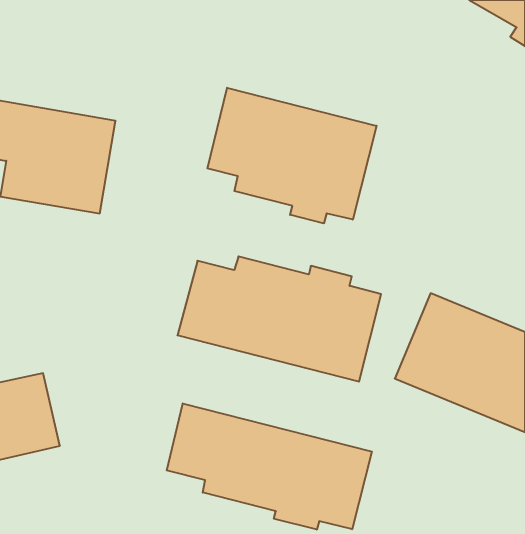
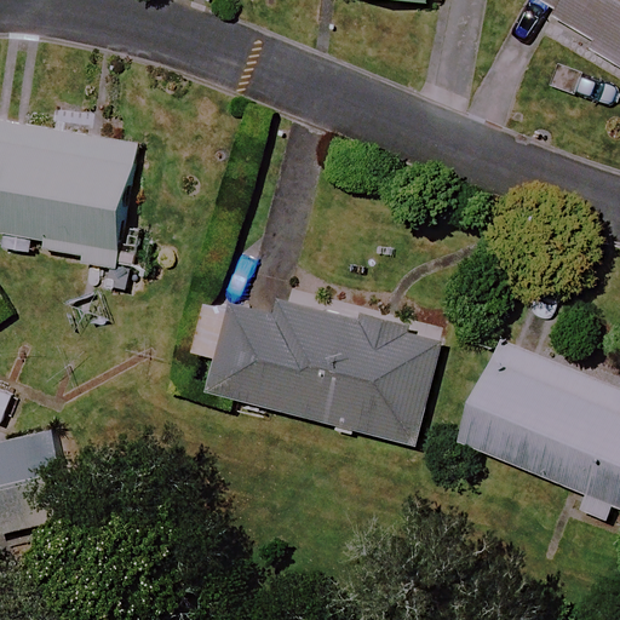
building: [207,88,377,223] -> none
building: [167,403,372,530] -> none

